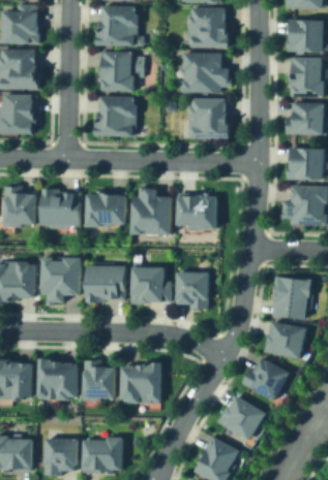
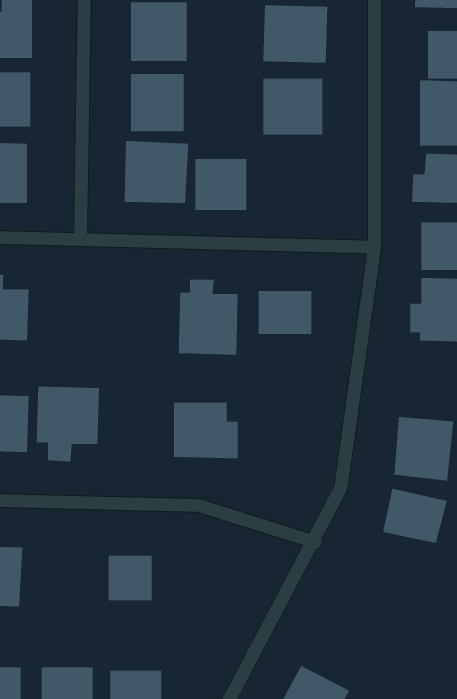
building: [196,105,230,139] -> [195,158,247,211]
building: [40,190,80,226] -> none
building: [87,193,126,227] -> none
building: [86,264,125,300] -> none
building: [175,270,208,310] -> none
building: [242,357,287,401] -> none
building: [42,360,77,396] -> none
building: [125,365,161,397] -> none
building: [217,395,266,442] -> none

